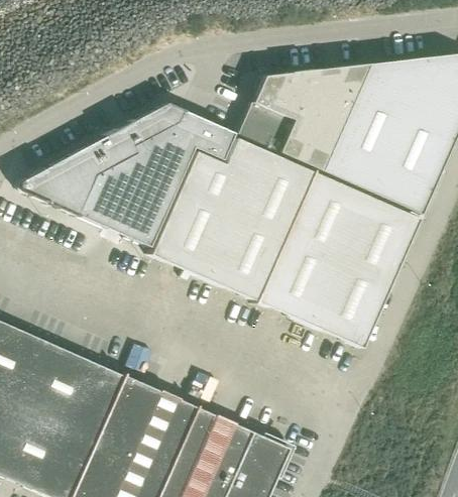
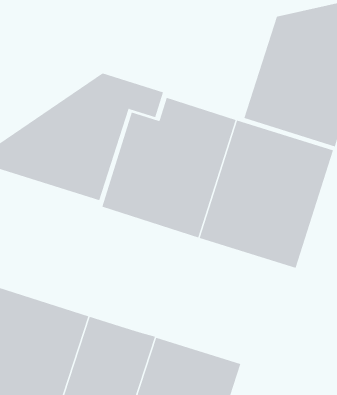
building: [240,60,372,171] -> none

